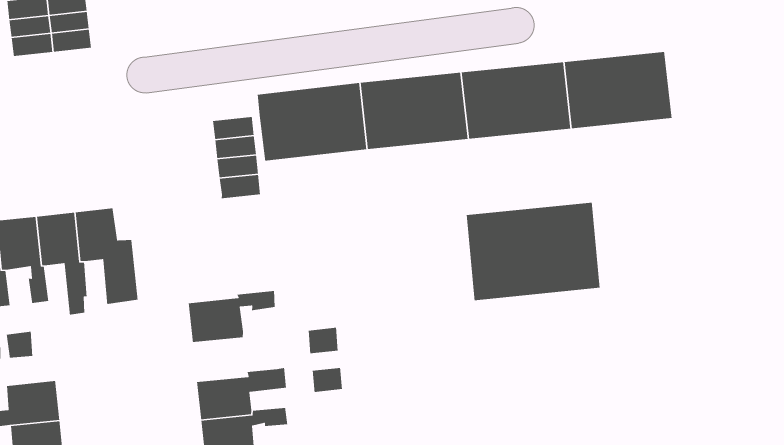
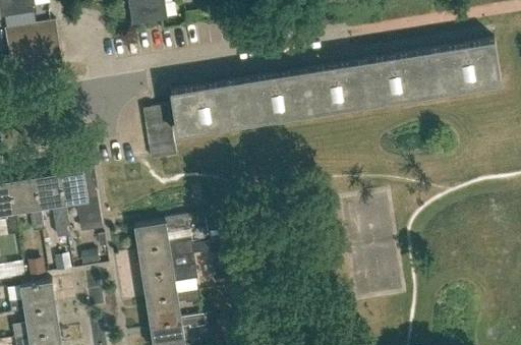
building: none -> [428,43,501,96]
building: [466,202,601,301] -> none
building: none -> [137,243,195,280]

